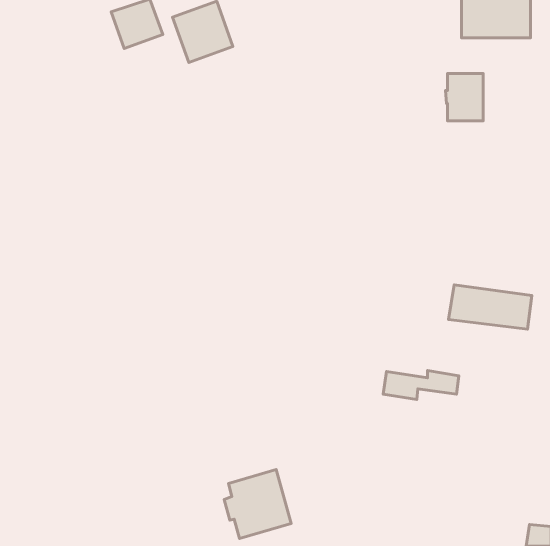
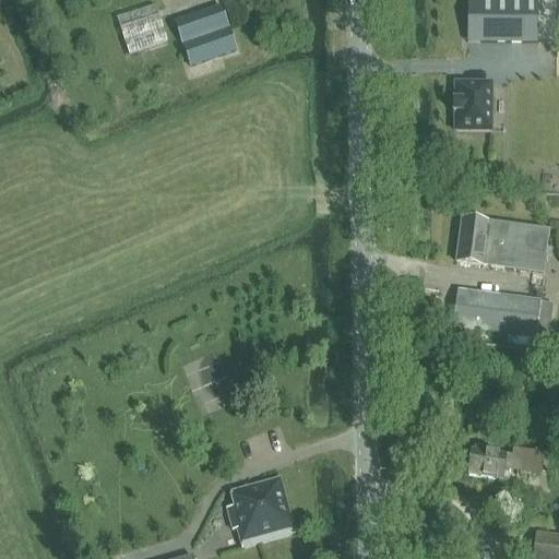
building: none -> [455,216,548,284]
building: [383,370,459,399] -> [467,448,544,477]

